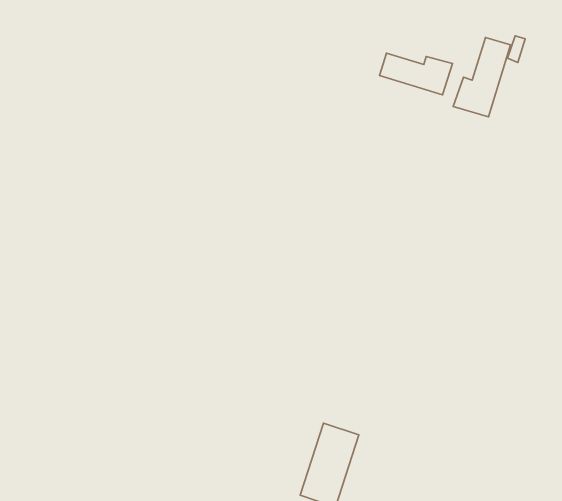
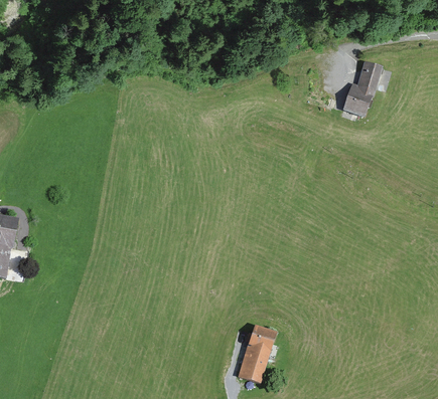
building: [379,53,452,95] -> none

